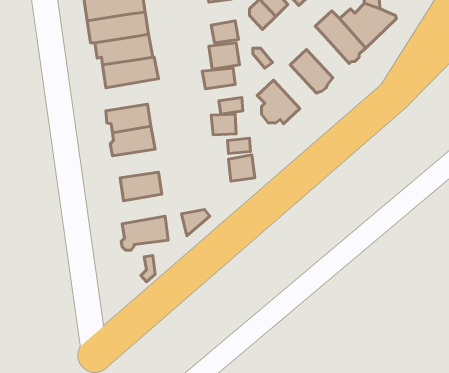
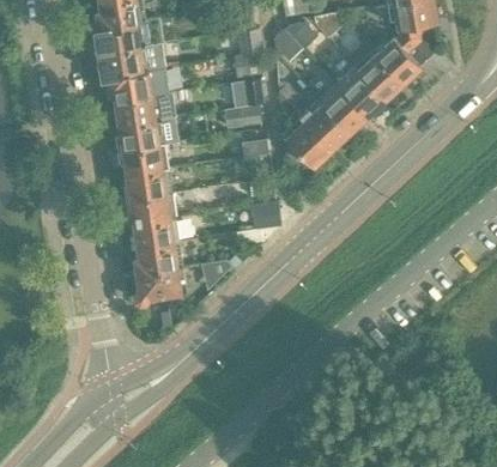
building: none -> [338,68,384,116]
building: none -> [302,102,348,150]
building: none -> [116,117,178,152]
building: none -> [126,192,190,225]
building: none -> [134,243,183,275]

